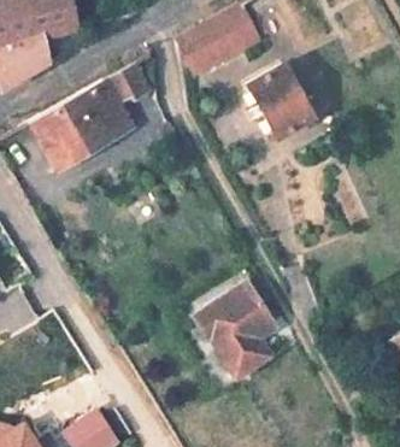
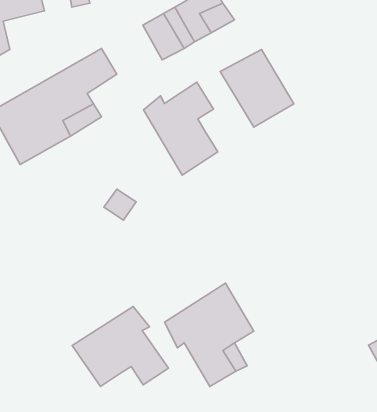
building: none -> [143,82,218,175]
building: none -> [72,307,168,387]

